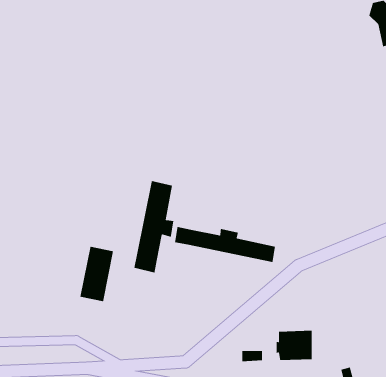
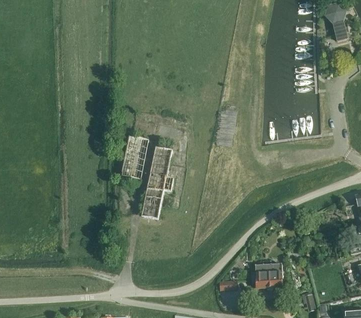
building: [174,226,276,263] -> none
building: [80,246,114,302] -> [121,135,148,179]

